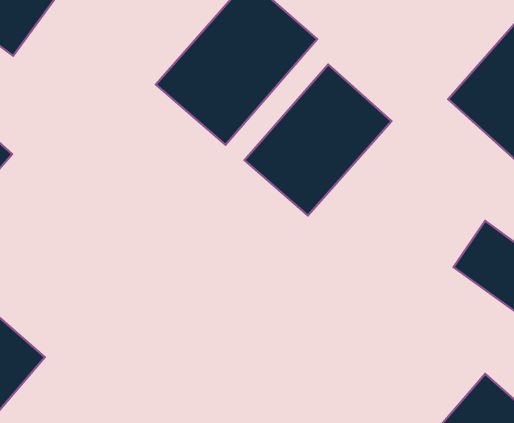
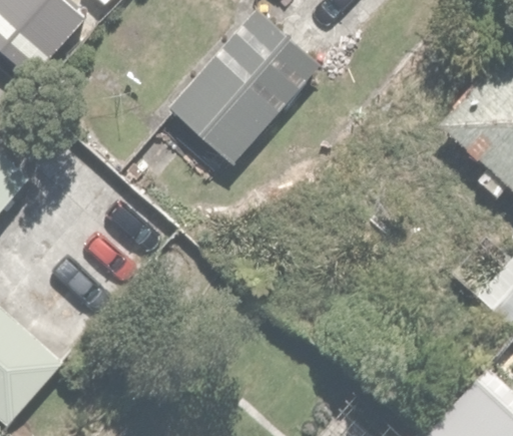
building: [245,65,391,216] -> none

